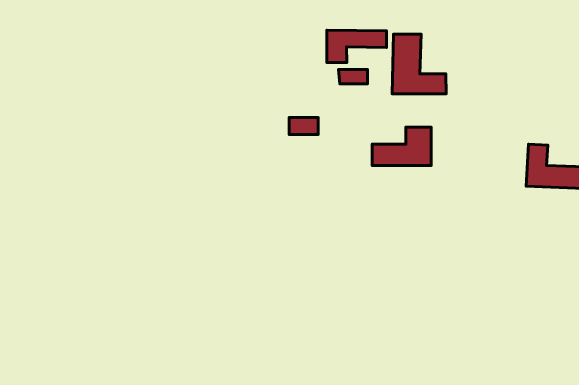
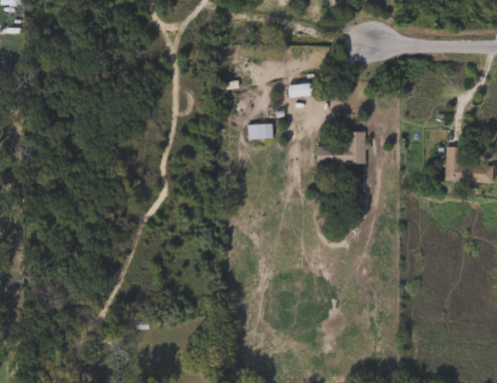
building: [327,30,387,62] -> none
building: [392,34,446,94] -> none

